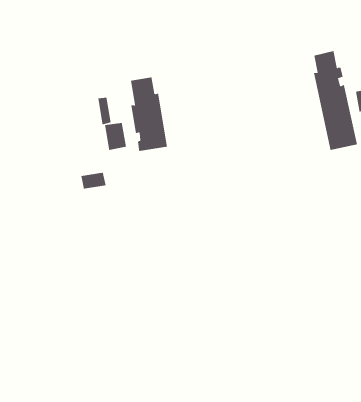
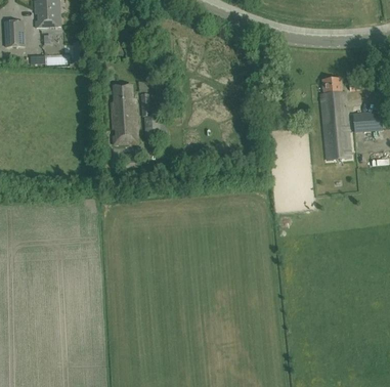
building: [130,77,168,152] -> [111,83,137,143]

